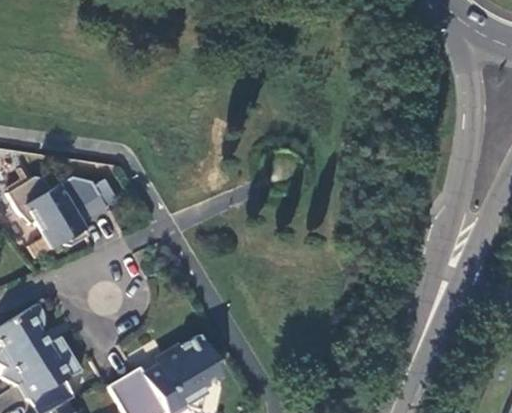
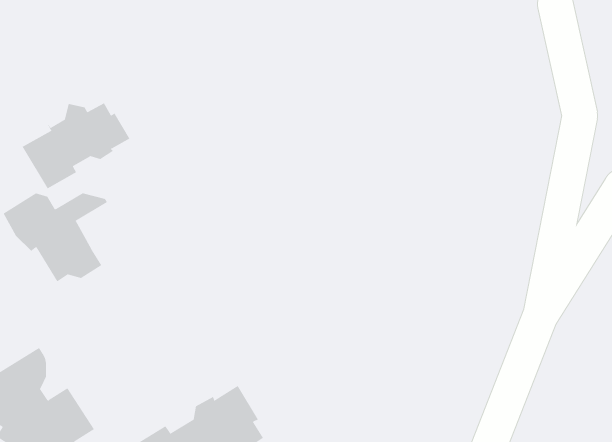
building: none -> [22,102,130,189]
building: [69,184,108,222] -> none

